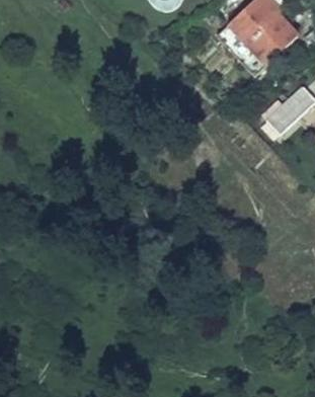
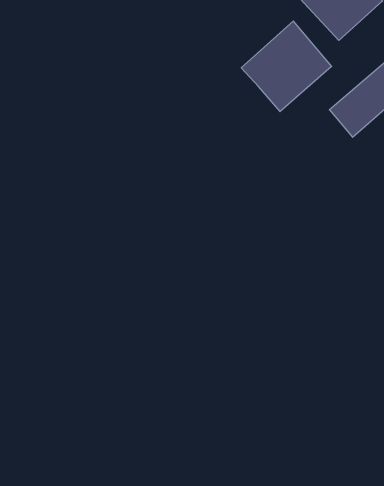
building: none -> [241,21,332,112]

